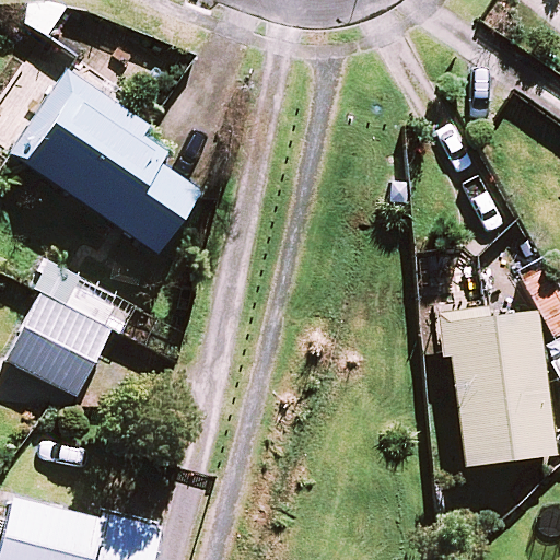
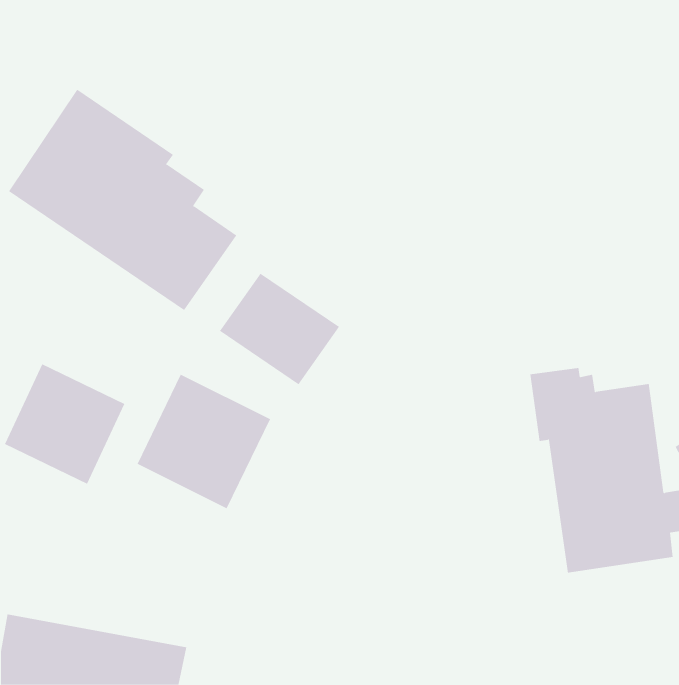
building: none -> [219,273,340,385]
building: none -> [137,374,271,509]

